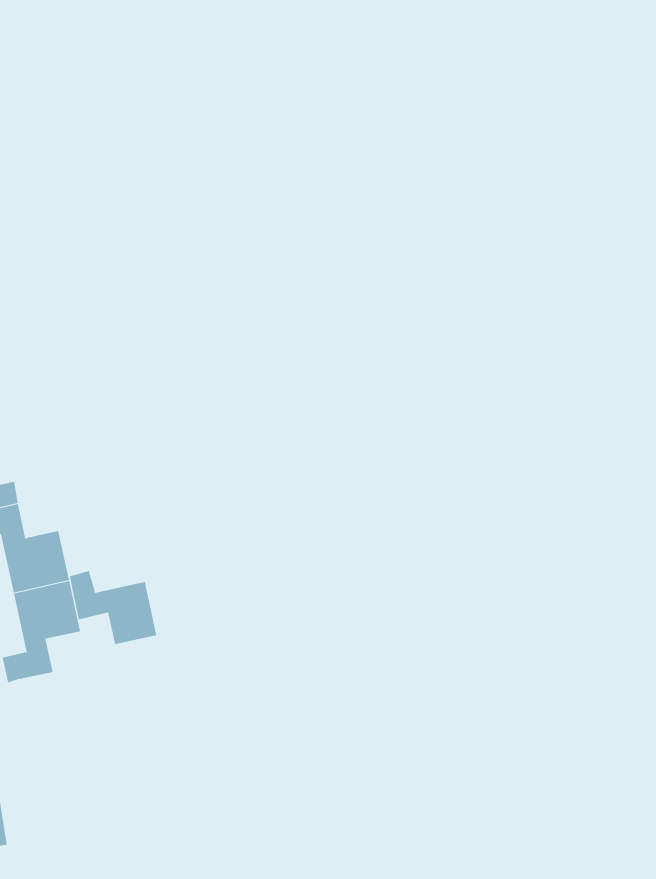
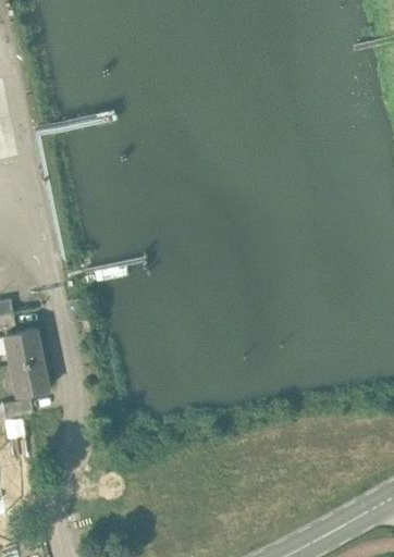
building: [70,570,157,645] -> none

